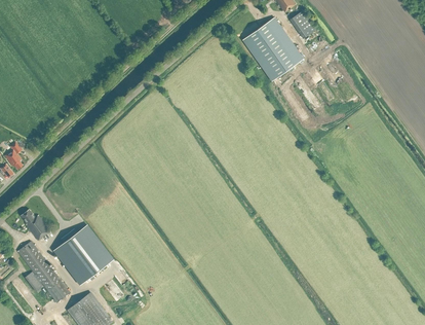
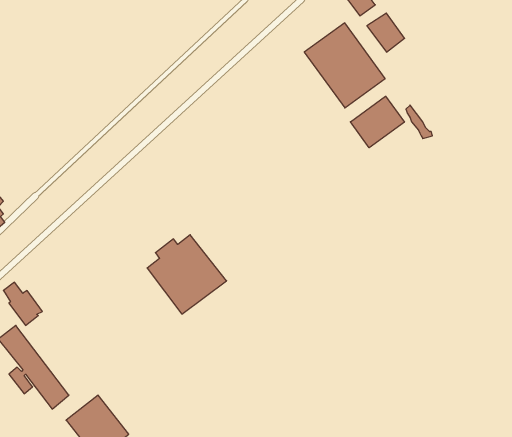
building: none -> [350,96,404,148]
building: [54,225,113,284] -> [147,235,227,314]

